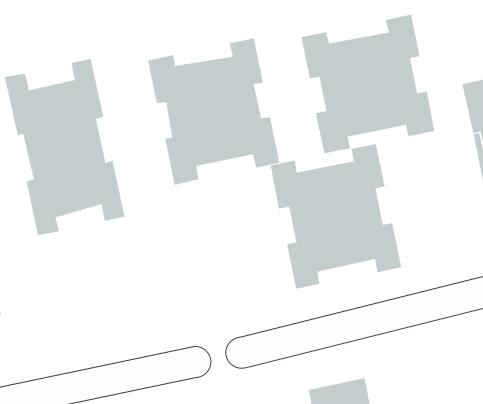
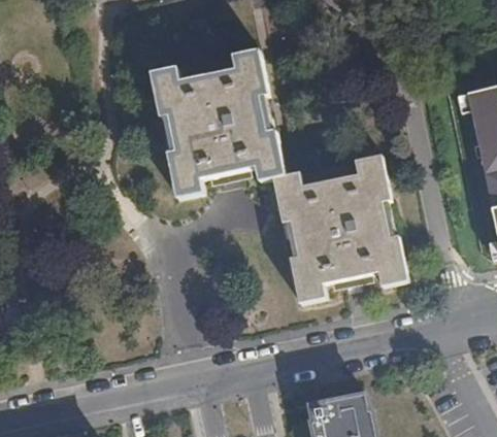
building: [301,14,435,154] -> none
building: [4,58,125,236] -> none

